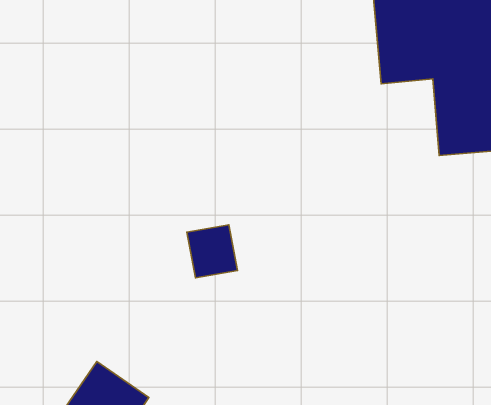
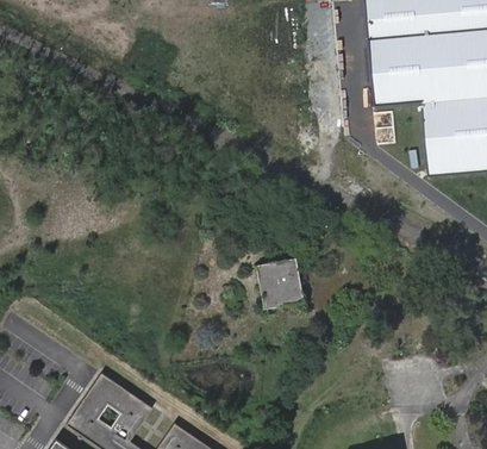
building: [187,225,238,278] -> [256,260,305,311]

